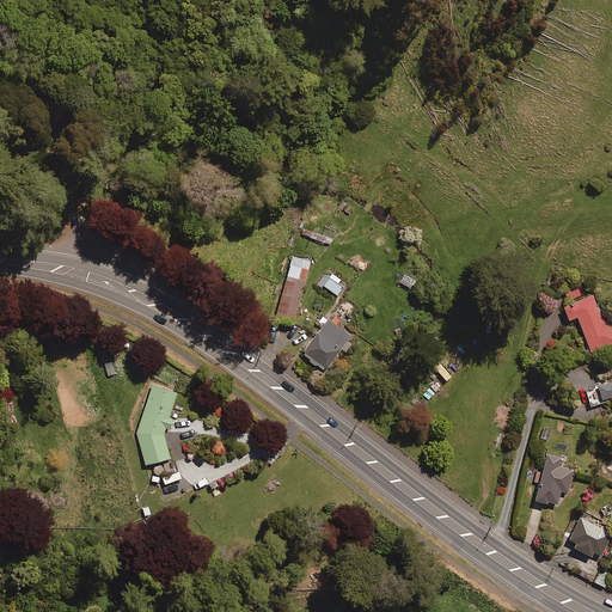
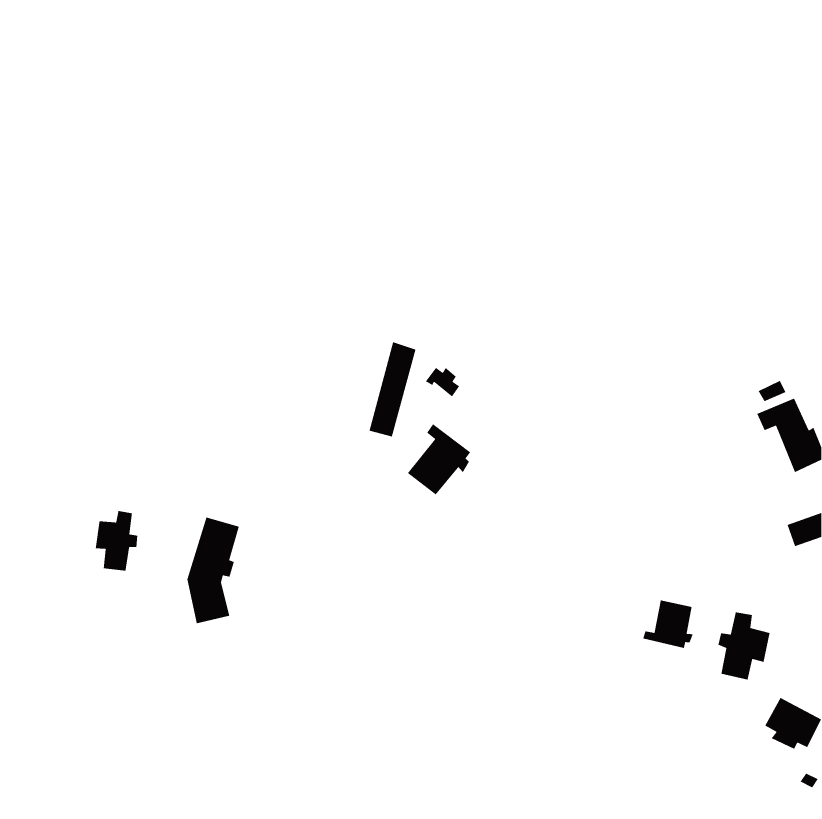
building: none -> [95,510,138,572]
building: none -> [642,599,694,649]

